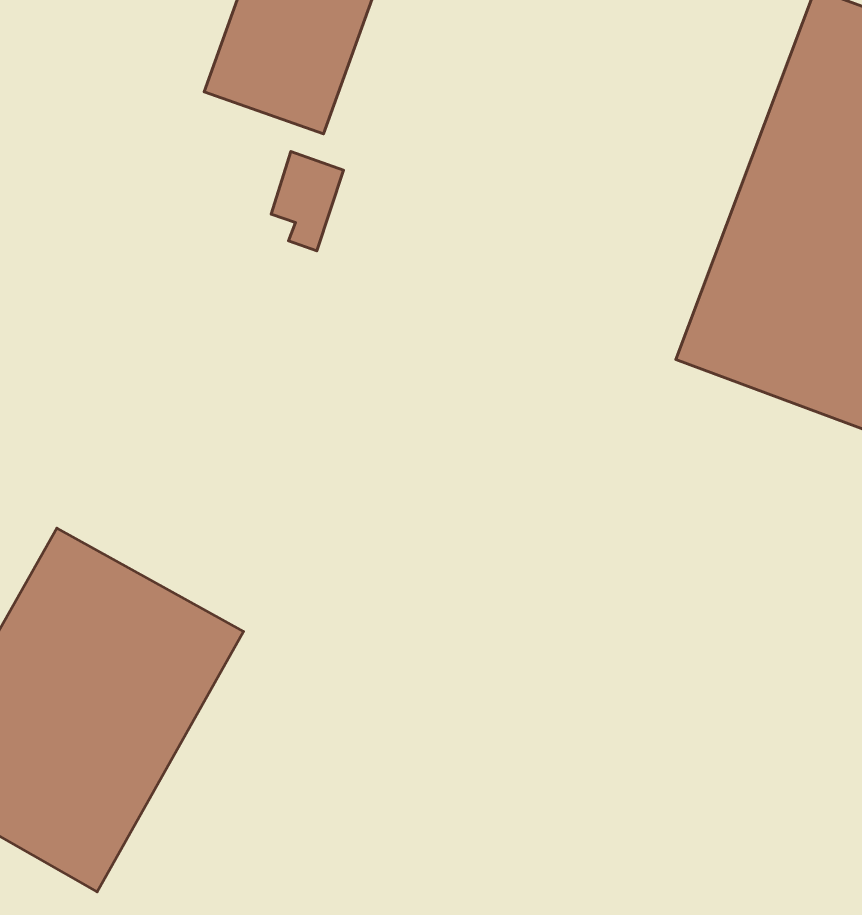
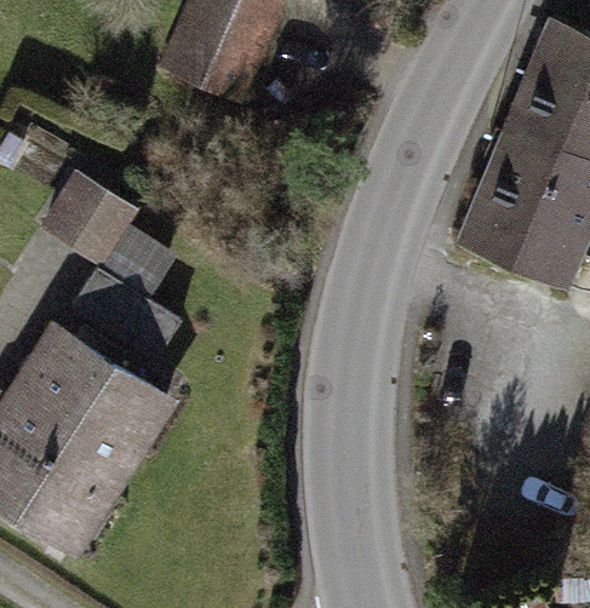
building: none -> [47,172,185,356]

